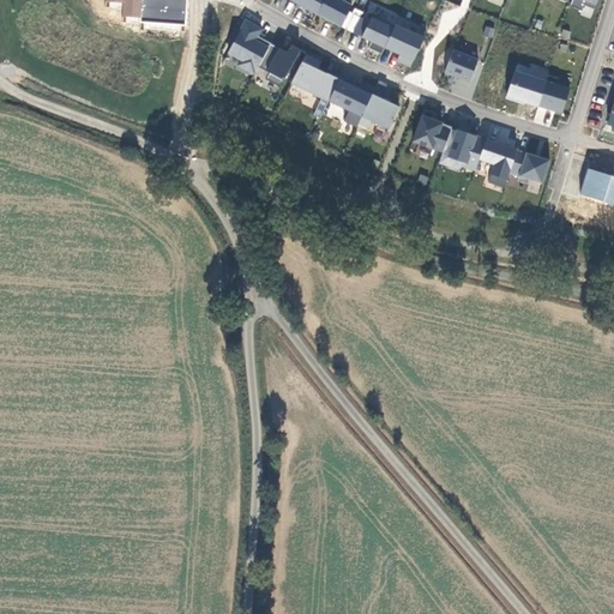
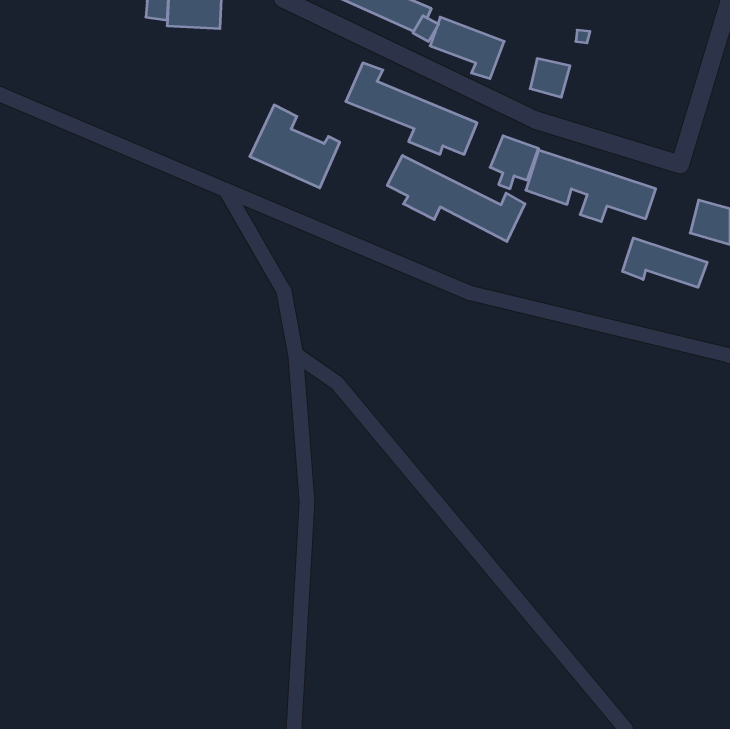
building: [224,17,300,86] -> [250,105,340,188]
building: [507,61,570,112] -> none
building: none -> [387,155,525,242]
building: none -> [623,238,707,287]

